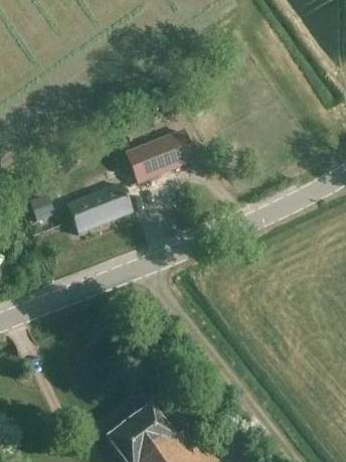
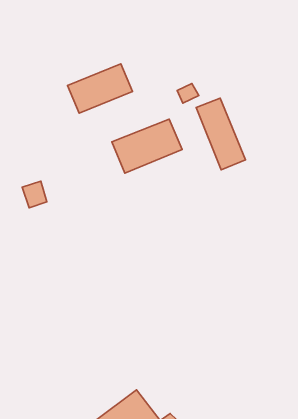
building: none -> [196,98,246,170]
building: [64,184,131,235] -> [67,64,133,113]

